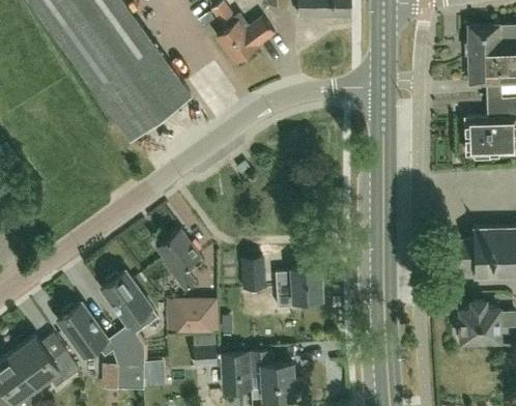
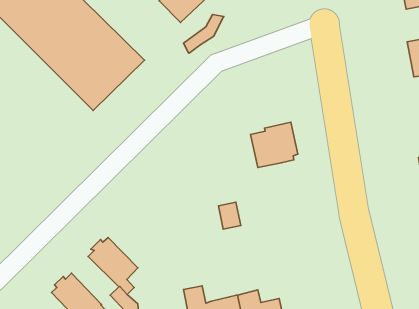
building: none -> [183,15,224,53]
building: [155,230,200,291] -> none
building: [276,266,321,308] -> [251,122,298,167]
building: [167,298,218,332] -> none

